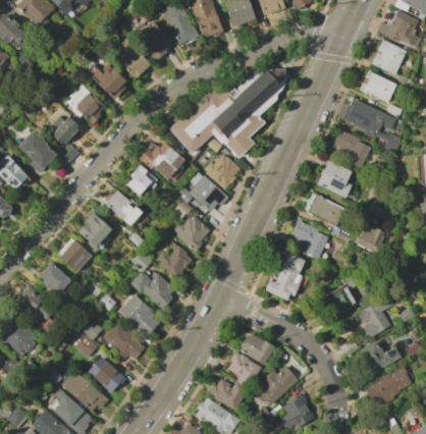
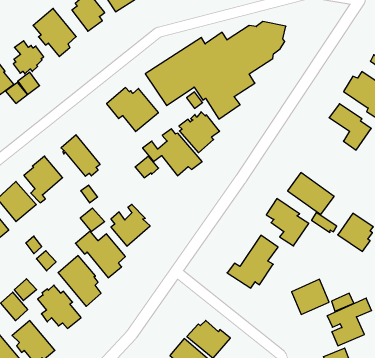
building: [317,160,353,198] -> none
building: [126,164,158,195] -> none
building: [174,216,210,252] -> none

